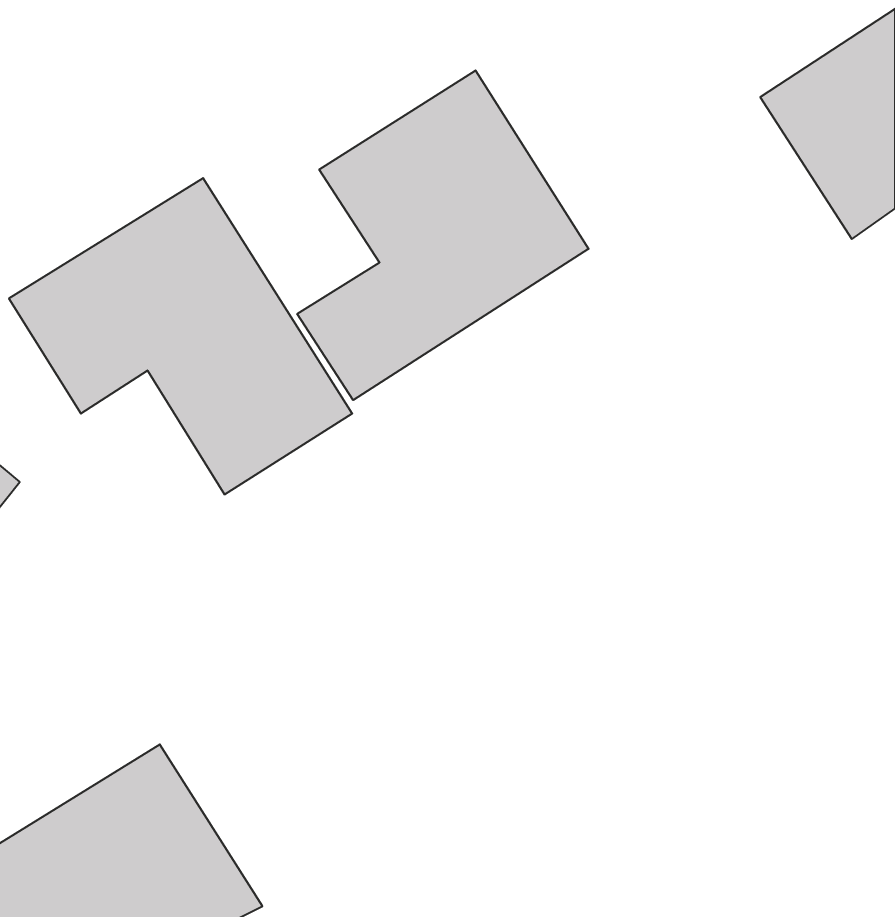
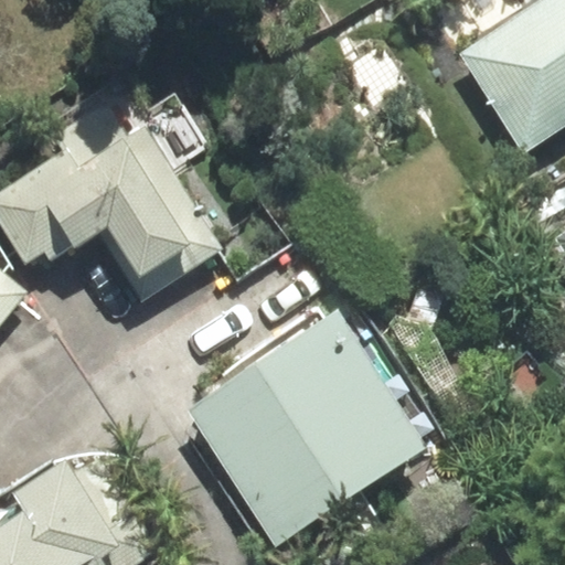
building: [297,70,589,400] -> none
building: none -> [199,324,415,534]

